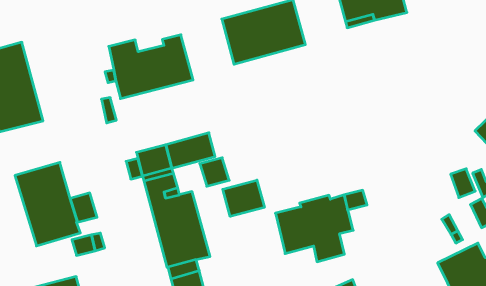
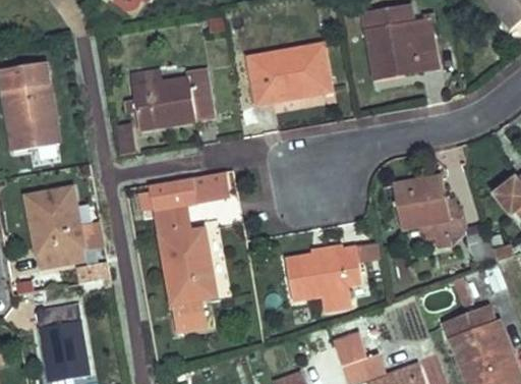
building: none -> [393,176,465,249]
building: [223,180,264,216] -> none

